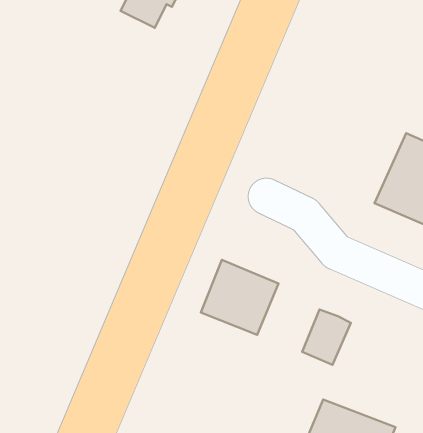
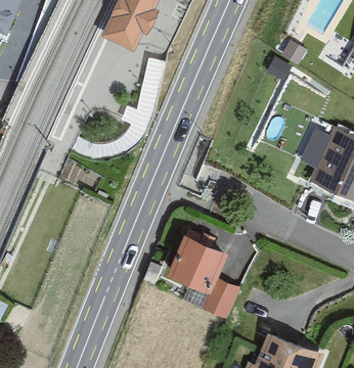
building: [302,310,351,365] -> [205,272,242,315]

